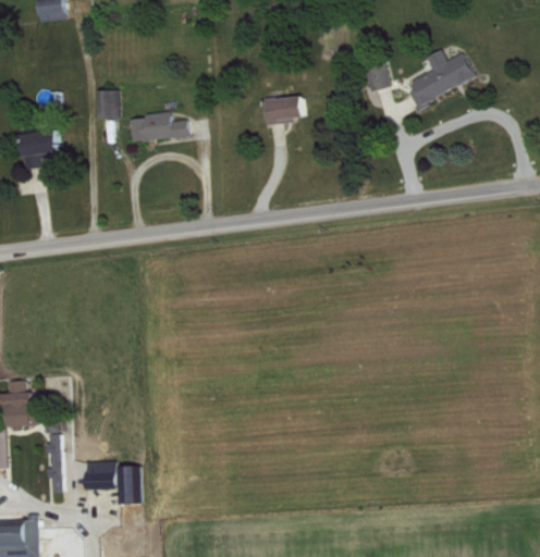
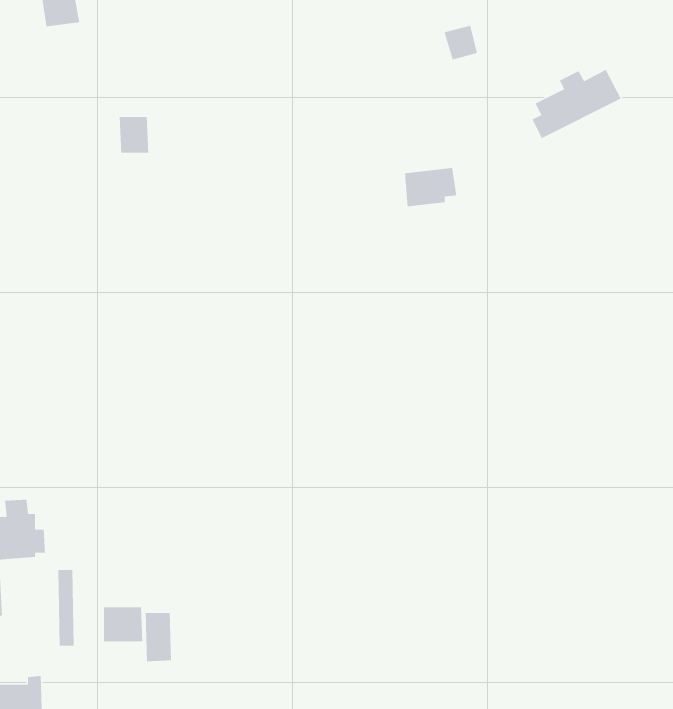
building: [365,63,391,90] -> [444,25,478,61]
building: [265,95,305,125] -> [404,167,457,207]
building: [128,112,188,141] -> none
building: [21,129,60,169] -> none

